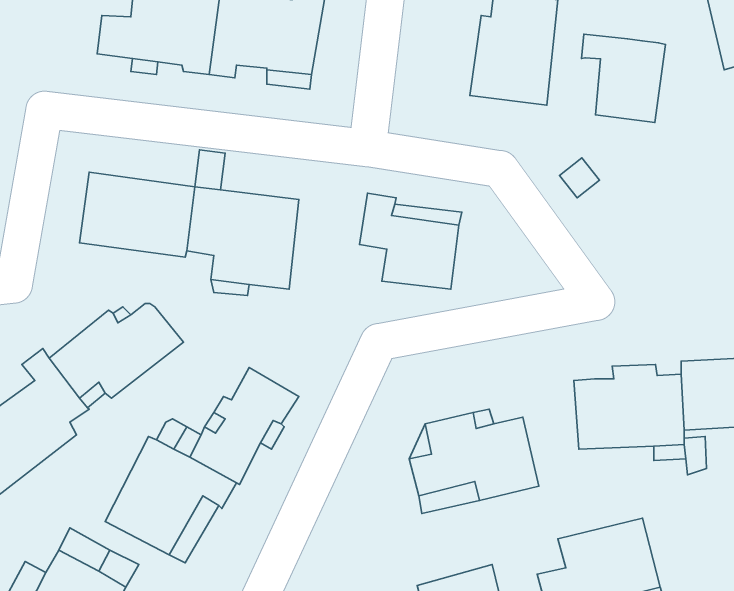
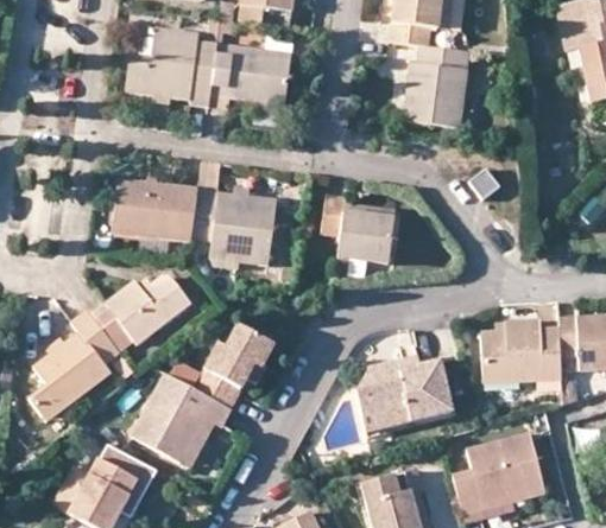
building: [582,34,665,122] -> none

